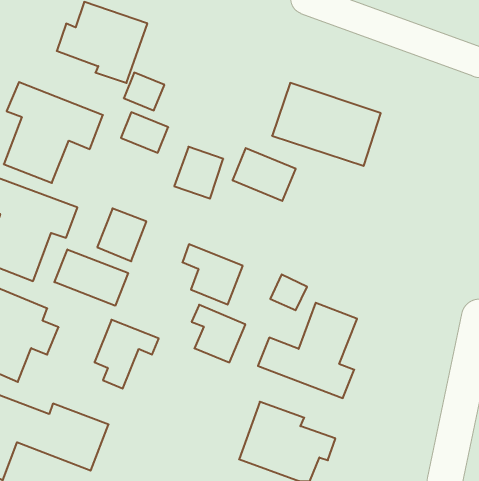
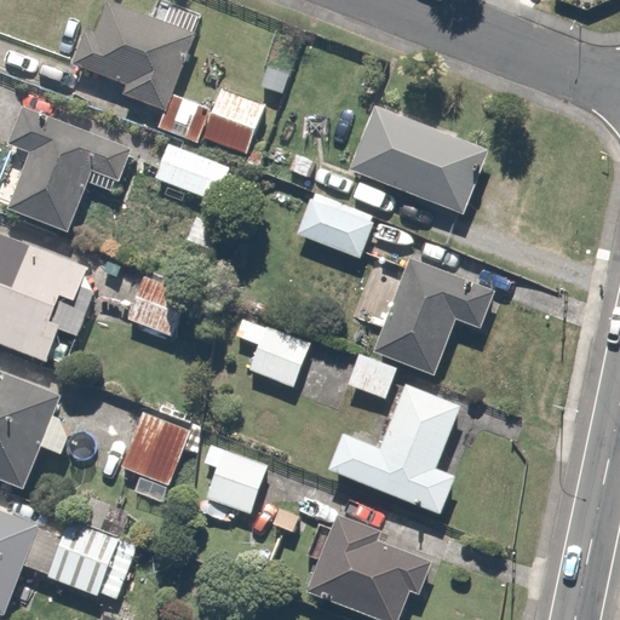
building: [174,147,223,199] -> [203,90,266,156]
building: none -> [373,256,494,377]
building: [54,249,128,306] -> none
building: [192,305,245,362] -> [200,442,269,516]

